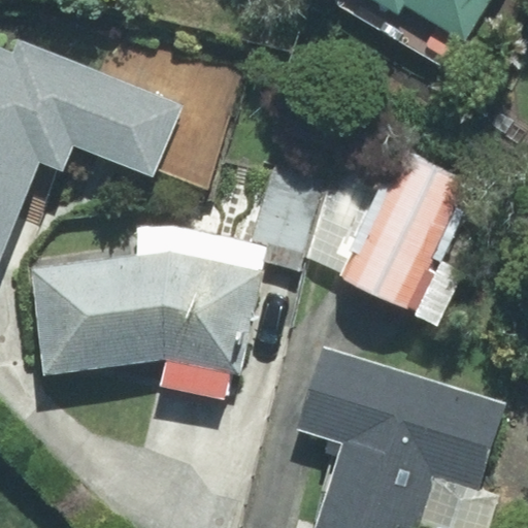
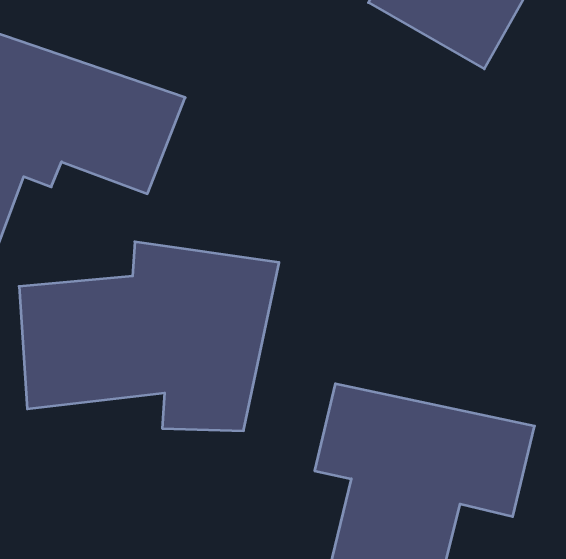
building: [349,114,486,309] -> none

